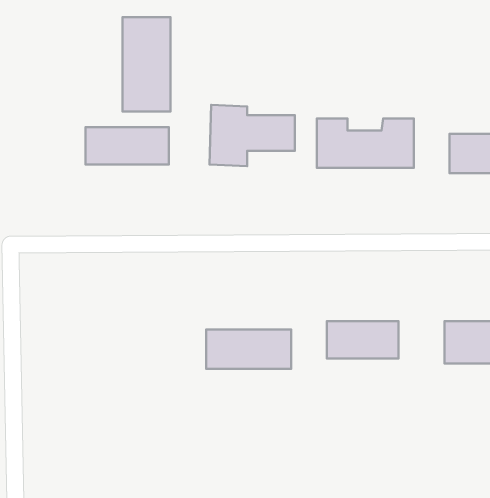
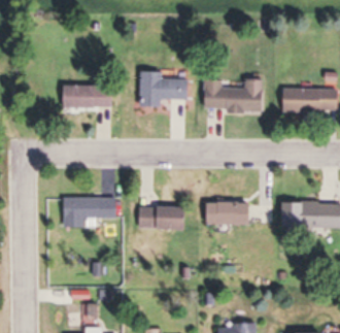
building: [122,17,170,112] -> none
building: none -> [62,198,117,228]

